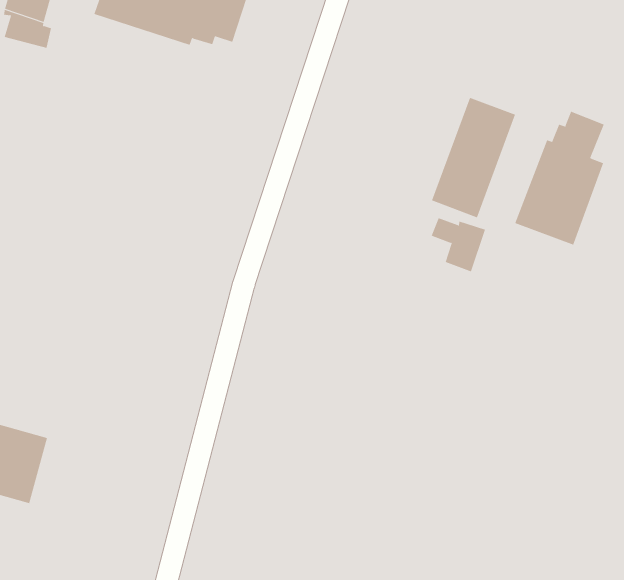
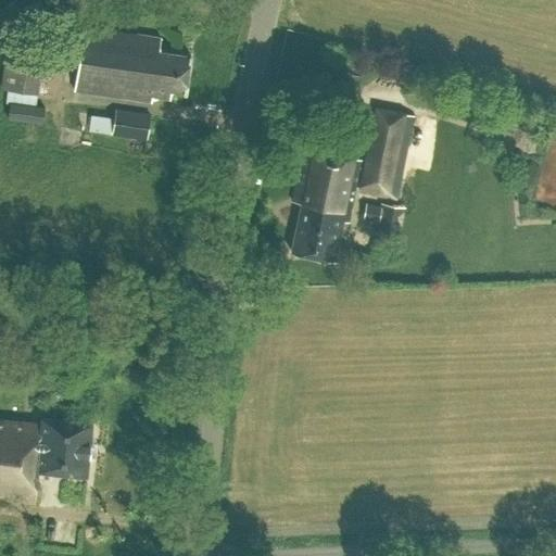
building: none -> [113,110,151,140]
building: [514,111,604,245] -> none
building: none -> [292,149,362,258]

